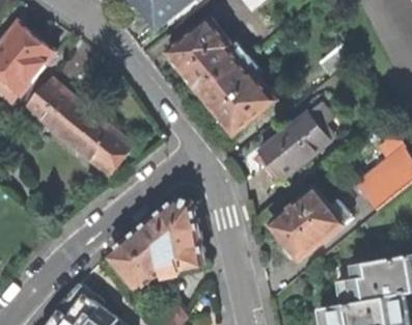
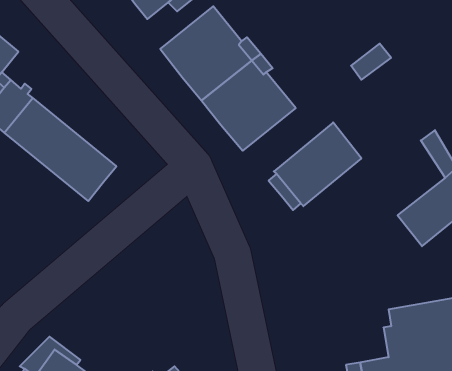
building: [271,189,350,260] -> none
building: [110,197,204,290] -> none

